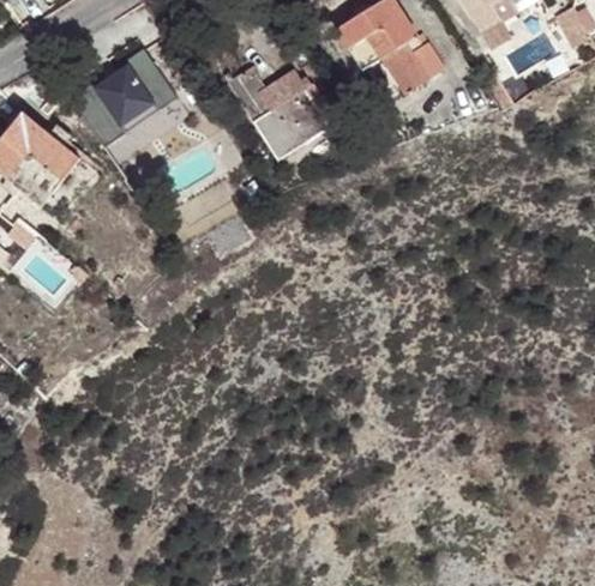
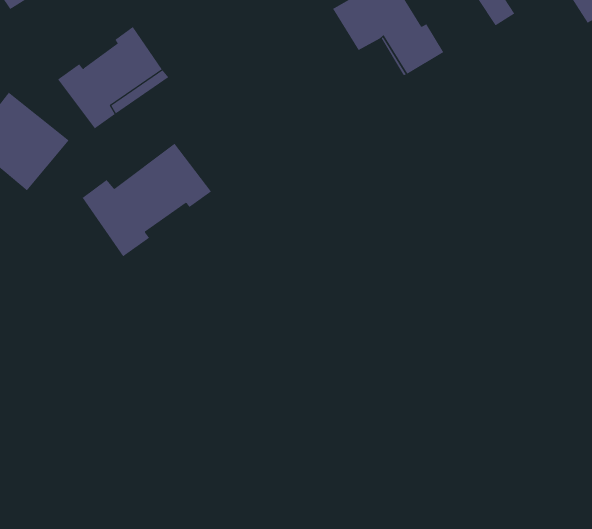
building: [229,68,330,157] -> none
building: none -> [82,143,212,257]

